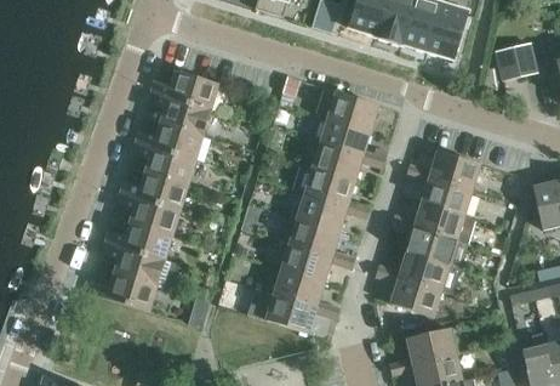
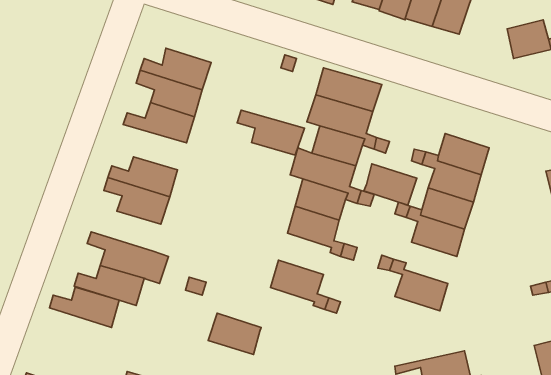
building: [132,141,195,183] -> [237,110,304,155]
building: [105,222,171,260] -> [49,287,119,327]
building: [281,243,331,282] -> none
building: [399,251,448,290] -> [364,164,417,205]
building: [265,294,315,333] -> [208,313,261,355]
building: [389,327,456,368] -> none

